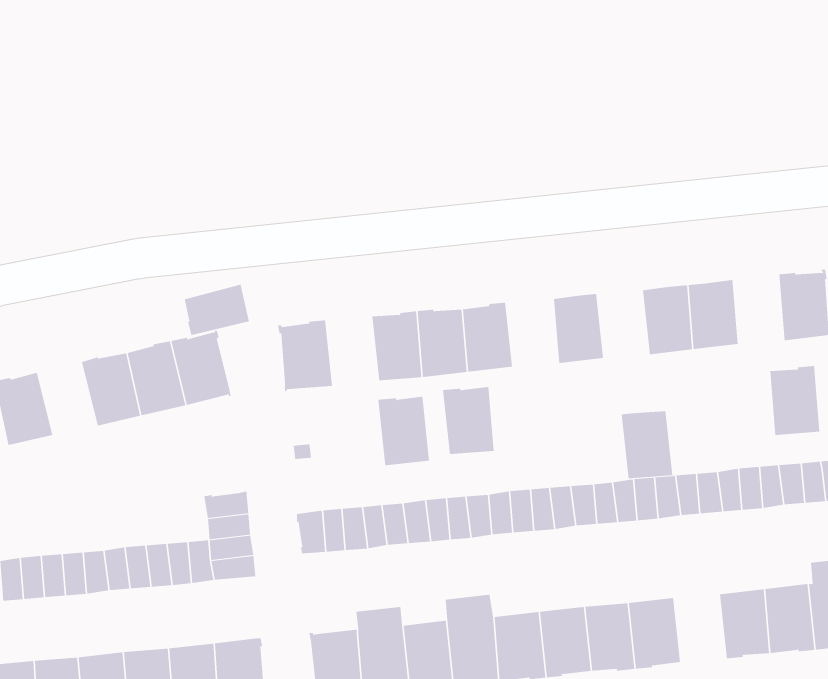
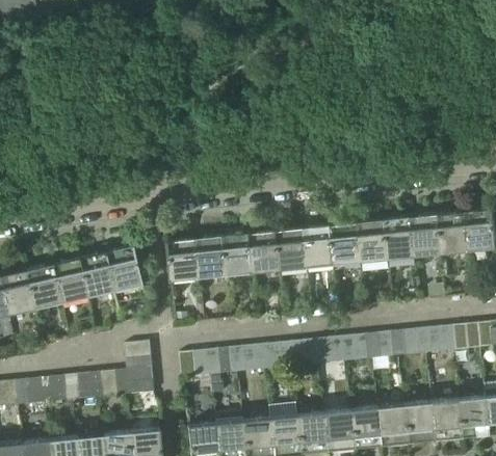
building: [184,284,249,336] -> none
building: none -> [24,263,59,306]
building: [769,366,820,435] -> [438,211,468,252]
building: [442,386,495,455] -> [303,225,334,266]
building: [378,396,430,466] -> [195,236,227,277]
building: [621,411,673,479] -> [357,220,388,261]
building: none -> [402,401,434,441]

